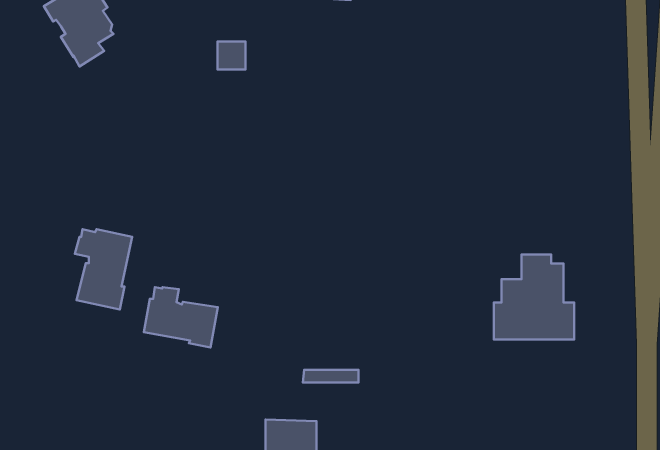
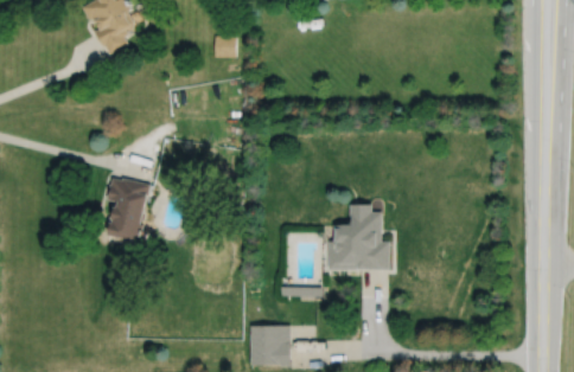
building: [494,254,574,340] -> [329,204,390,269]
building: [144,287,218,348] -> none

